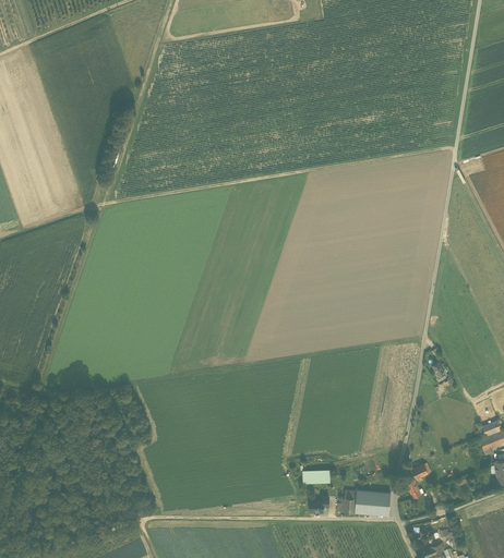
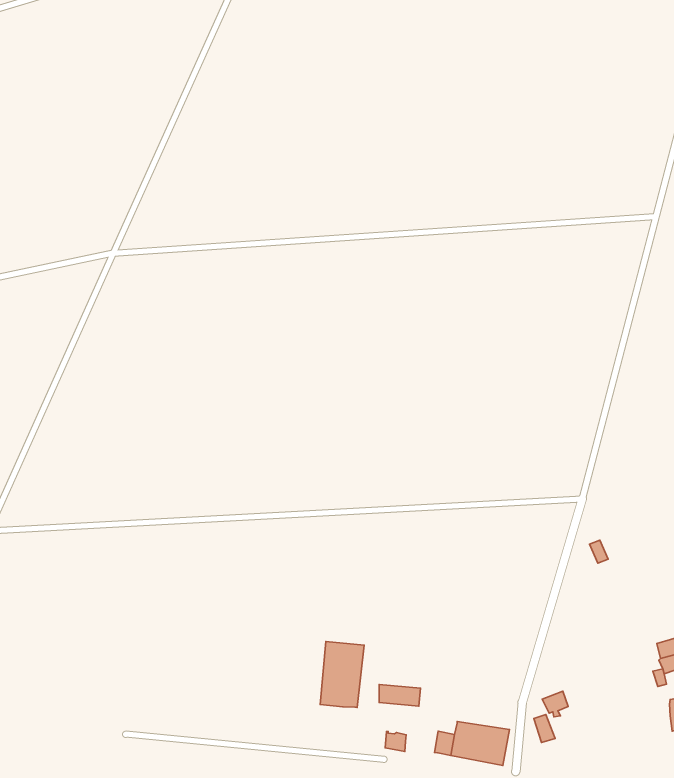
building: none -> [320,642,364,708]

